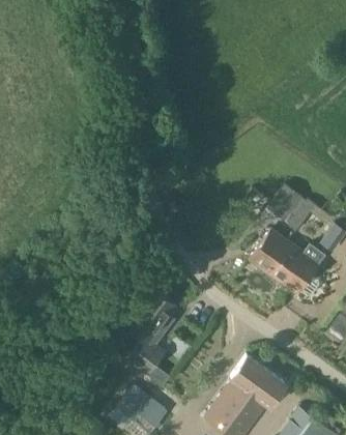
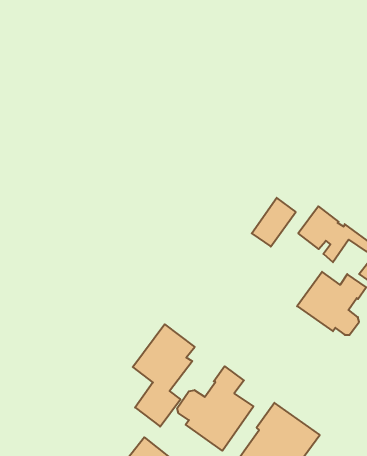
building: [250,228,288,270] -> [252,198,296,247]
building: none -> [177,366,253,451]

